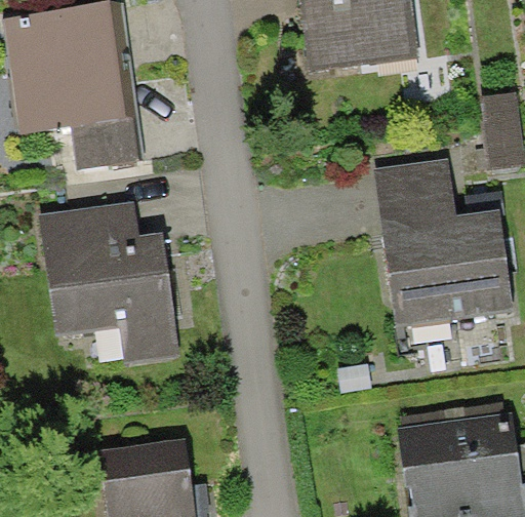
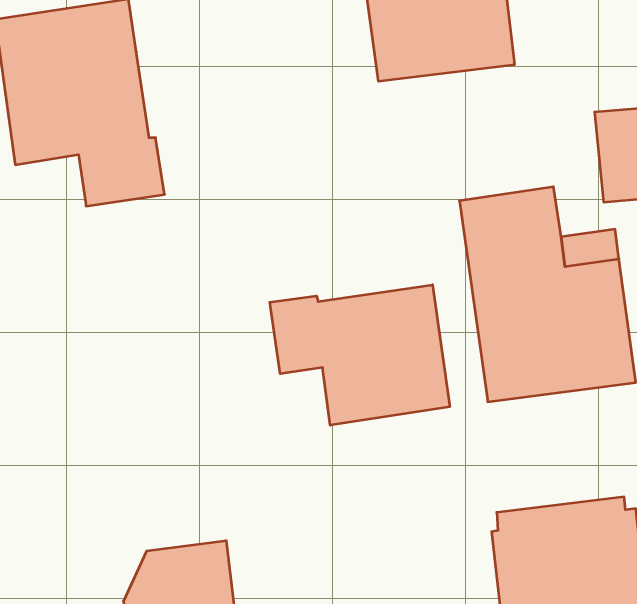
building: [44,204,173,359] -> none
building: none -> [270,285,450,425]

